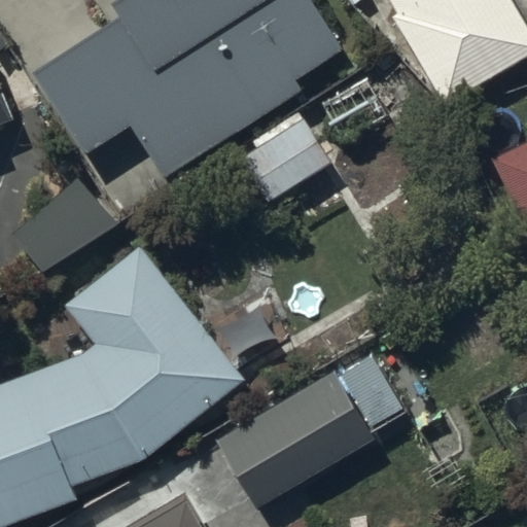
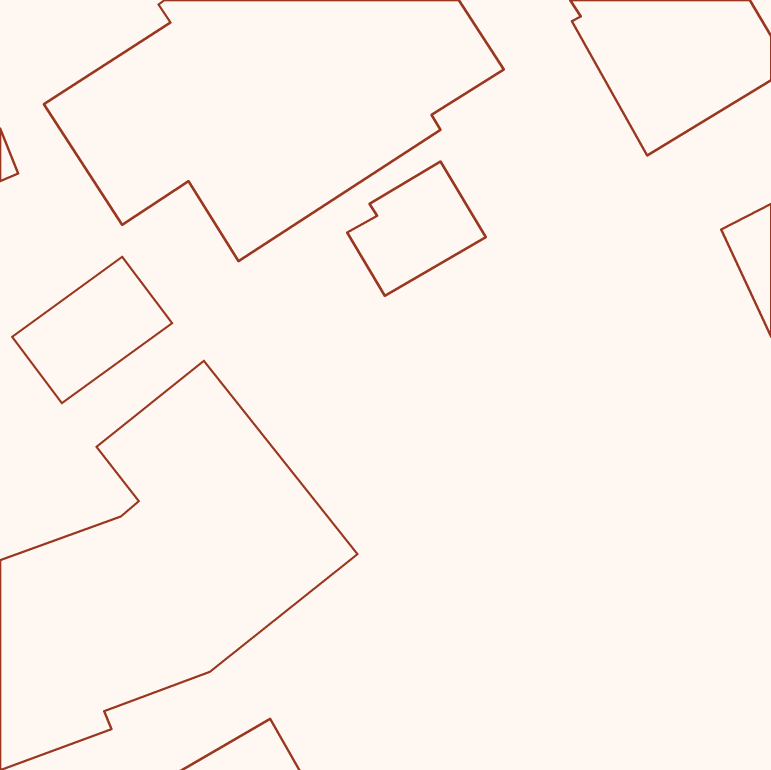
building: [216,347,412,508] -> none

